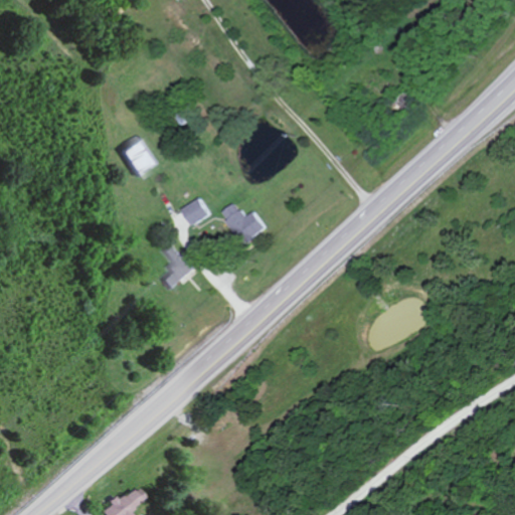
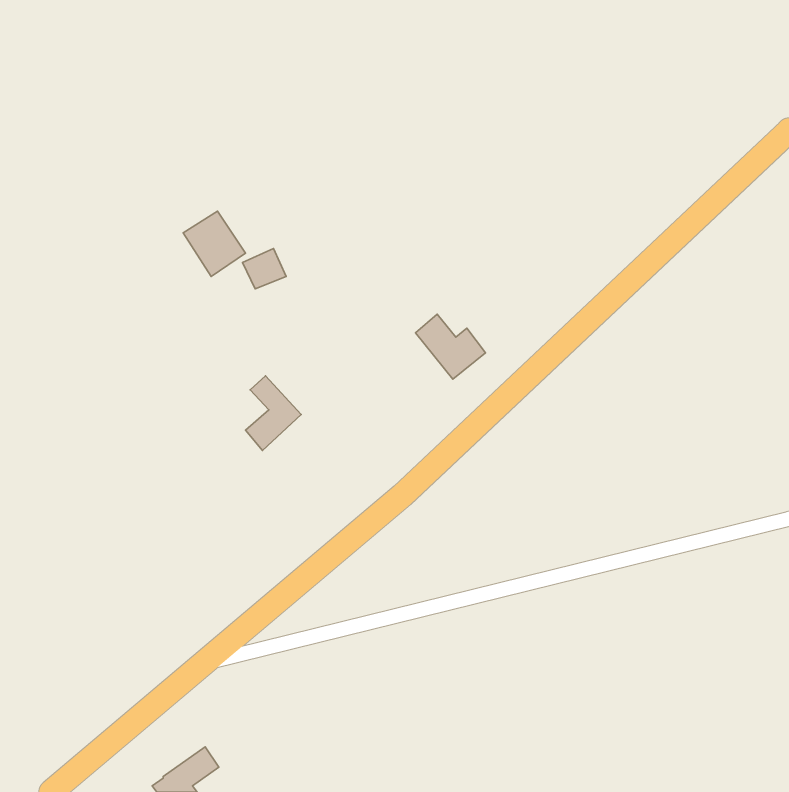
building: [182,199,210,225] -> [243,248,286,289]
building: [220,202,266,244] -> [416,314,485,379]

